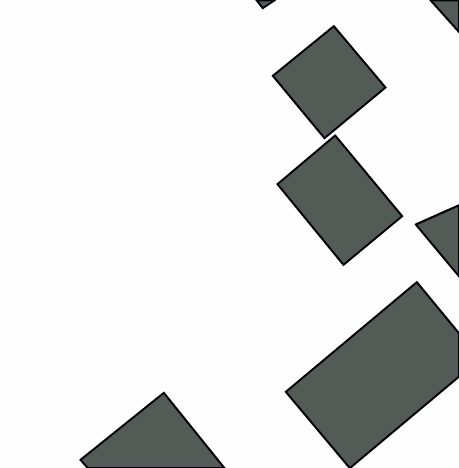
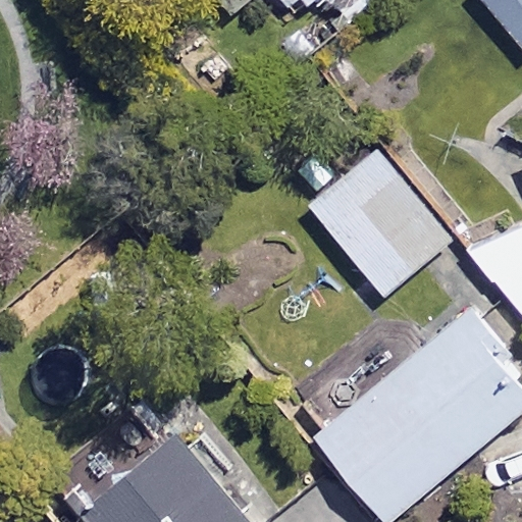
building: [273,26,386,138] -> none

